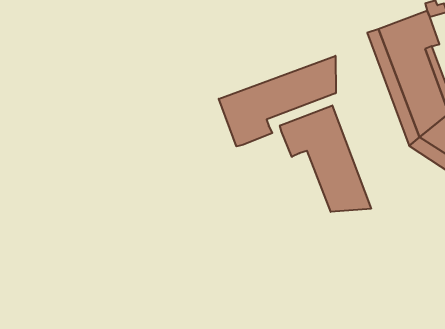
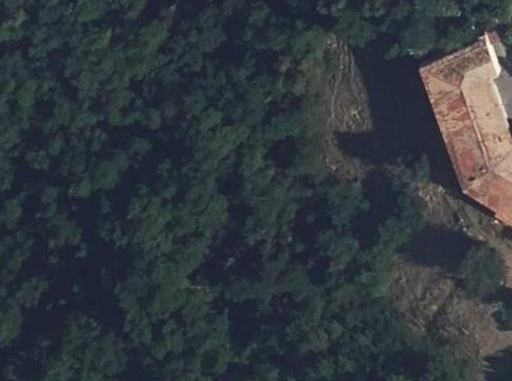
building: [219,56,336,146] -> none
building: [280,105,371,212] -> none

